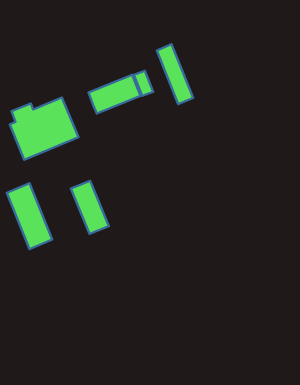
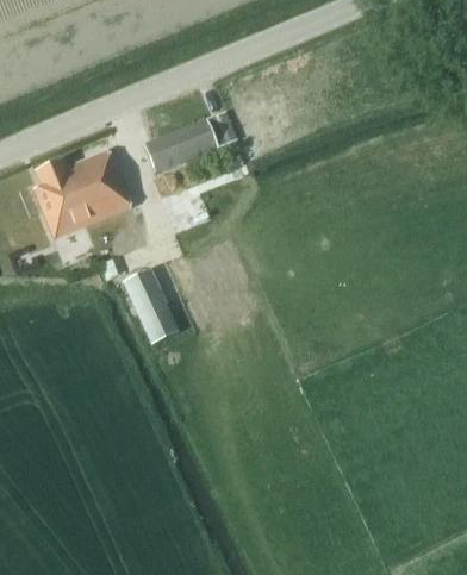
building: [157,44,193,104] -> none
building: [7,183,52,249] -> none

